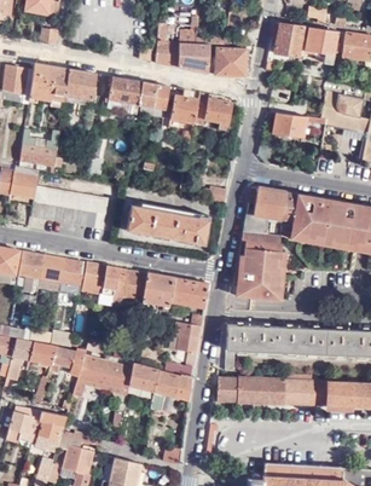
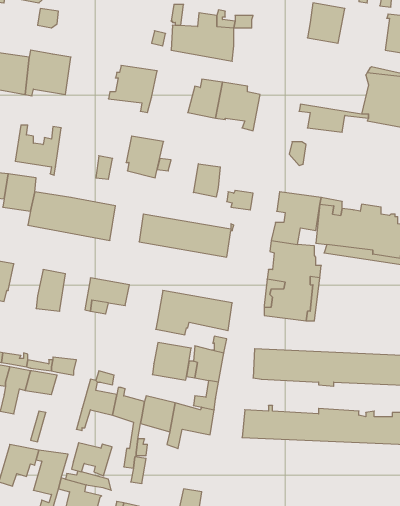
building: [306,28,341,64] -> none
building: [208,50,245,76] -> none
building: [63,70,99,108] -> none
building: [138,82,170,118] -> [126,136,164,178]
building: none -> [193,164,220,197]
building: [18,251,44,291] -> none
building: [58,259,83,296] -> none
building: [114,268,147,301] -> [152,343,191,380]
building: [50,347,85,376] -> [72,443,112,476]

